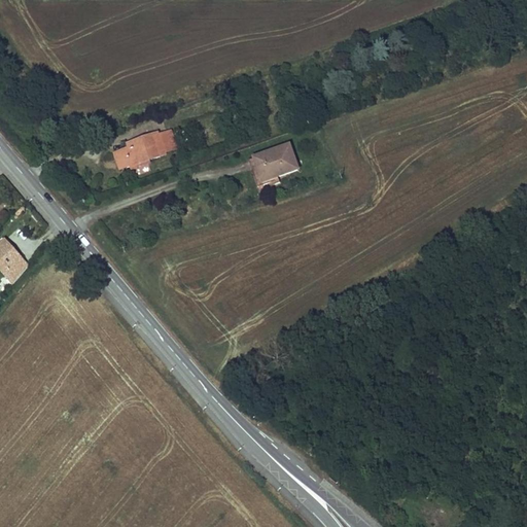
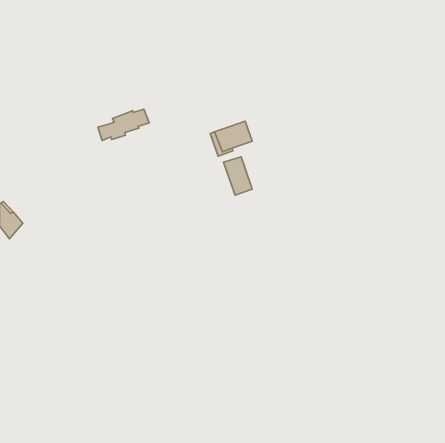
building: none -> [224,157,252,195]

